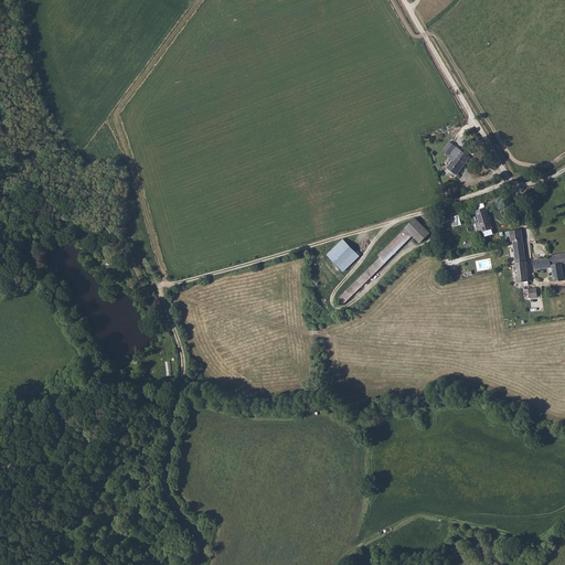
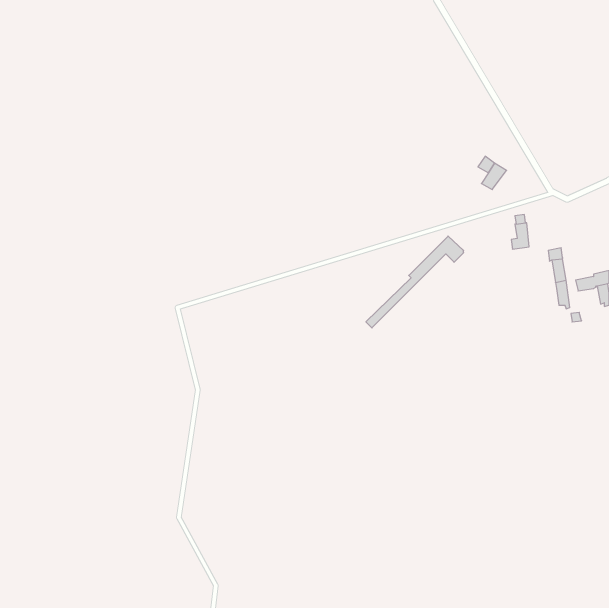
building: [327,237,360,271] -> none

